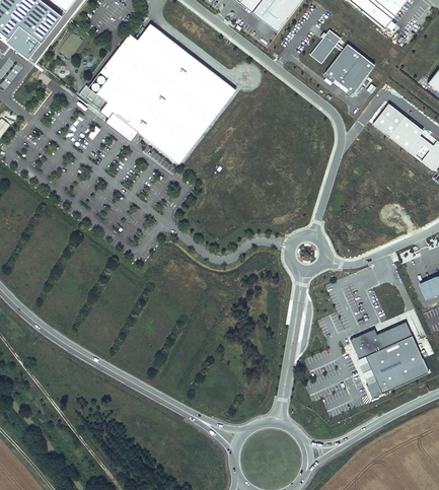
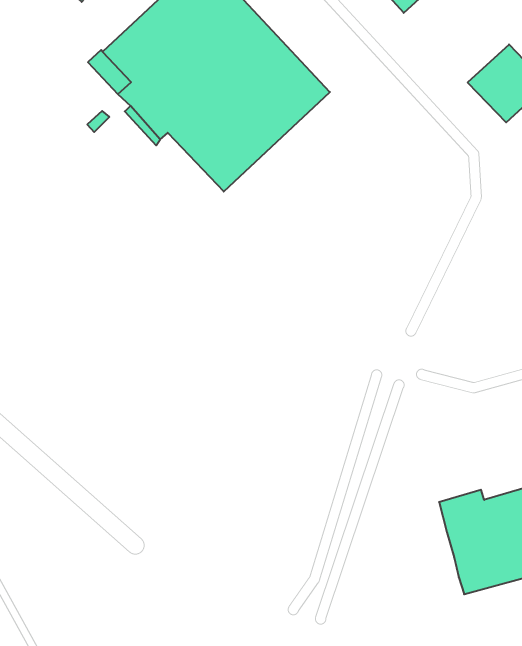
building: [309,29,340,63] -> none

